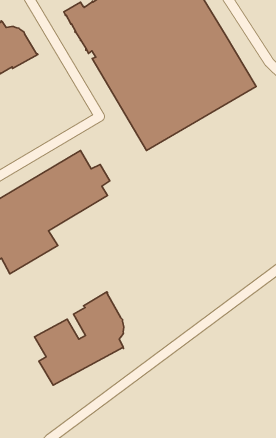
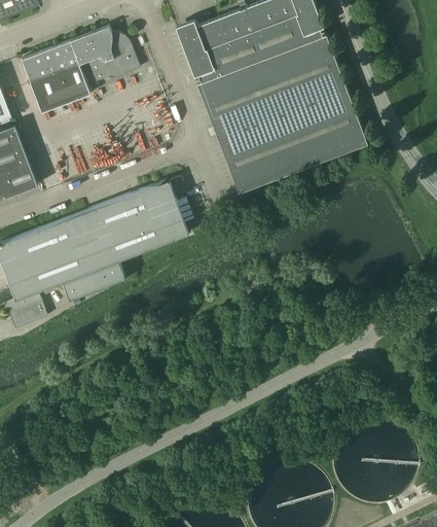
building: [35,292,124,385] -> none

